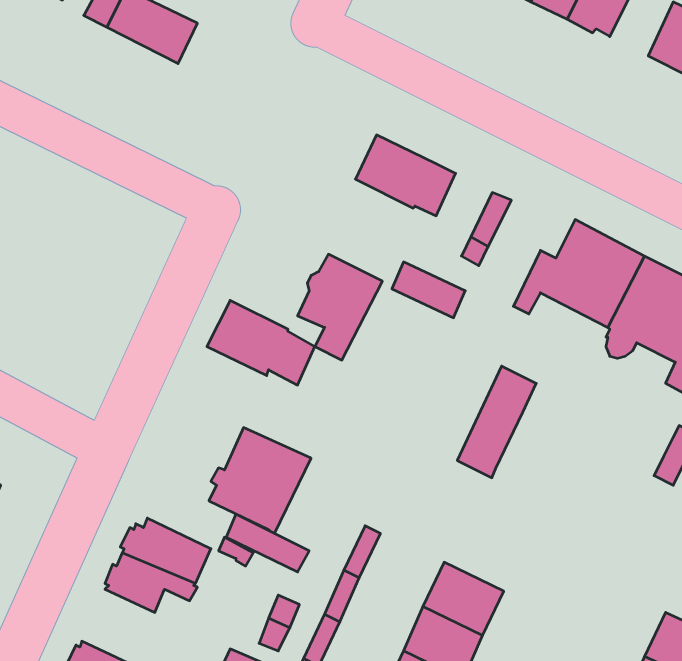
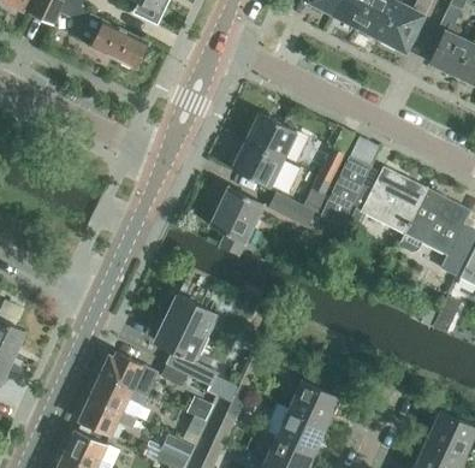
building: [207,300,315,385] -> [232,141,299,194]
building: [457,366,536,478] -> [321,156,370,226]
building: none -> [79,397,137,436]

